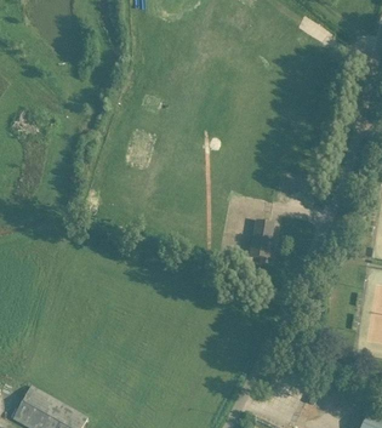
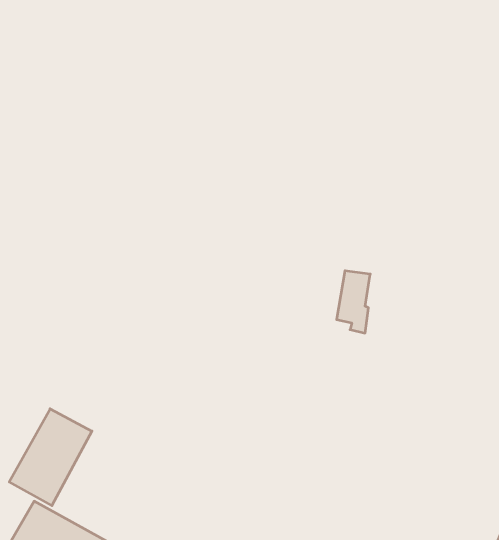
building: none -> [9,409,92,506]

